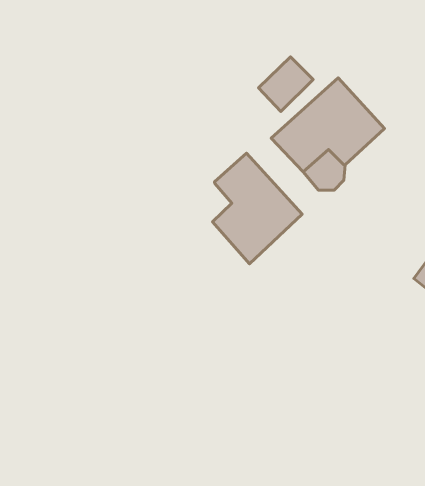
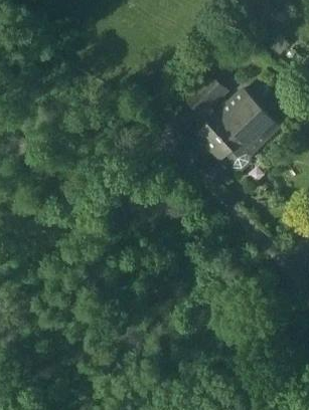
building: [212,153,302,264] -> none

